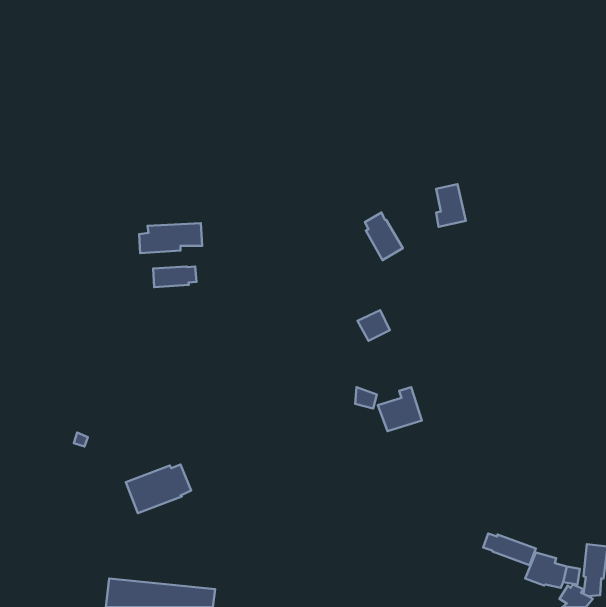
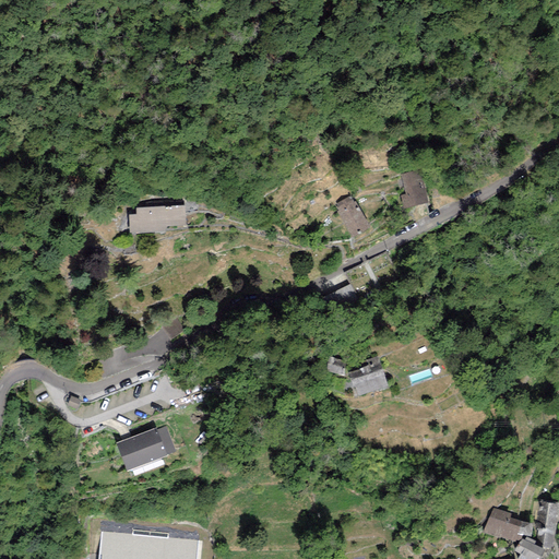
building: [153,266,196,287] -> none
building: [483,534,536,565] -> none

